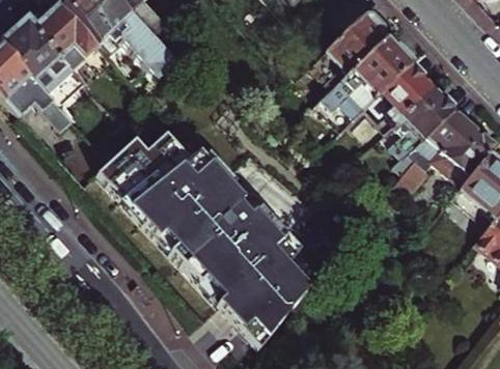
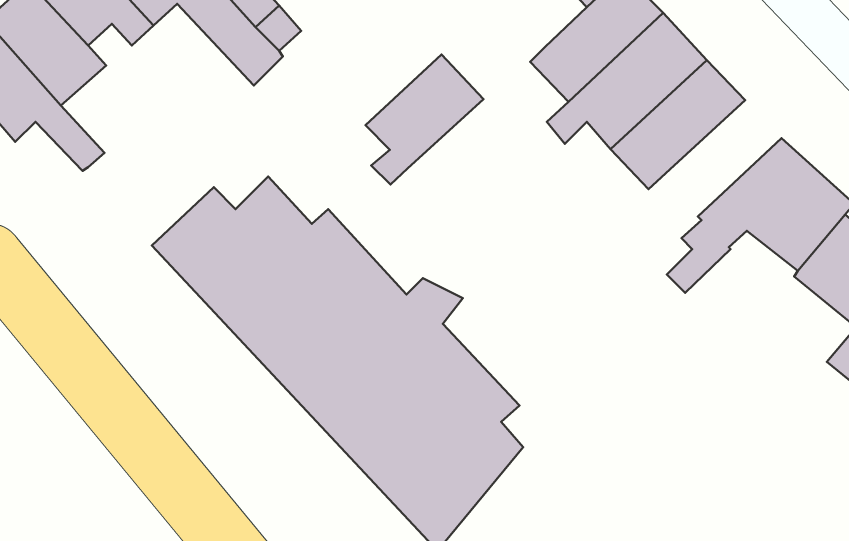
building: none -> [365,54,483,185]
building: [394,86,455,139] -> none

